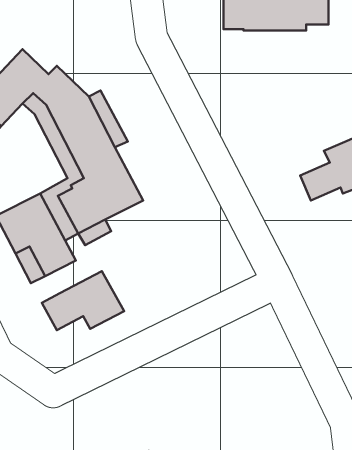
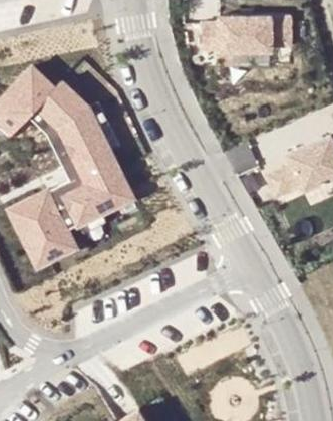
building: [42,271,124,330] -> none

